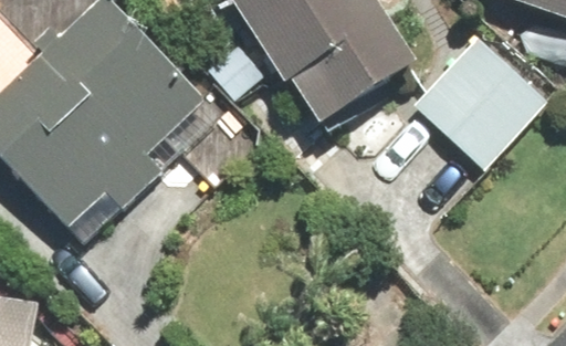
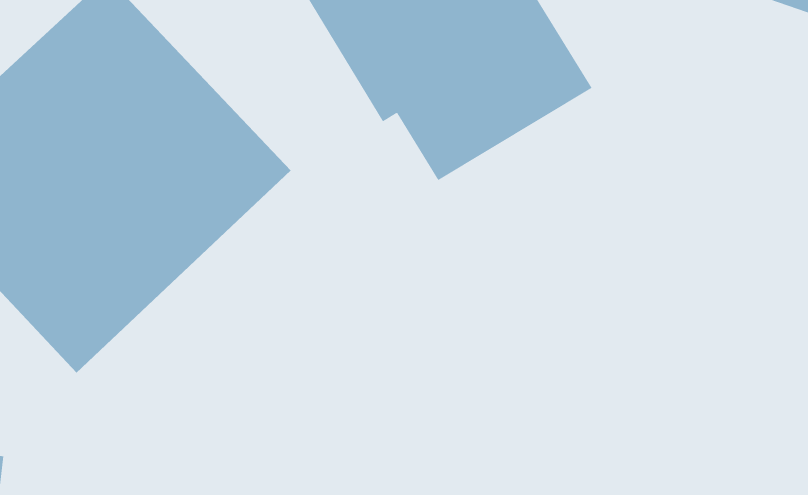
building: [411,32,549,170] -> none

